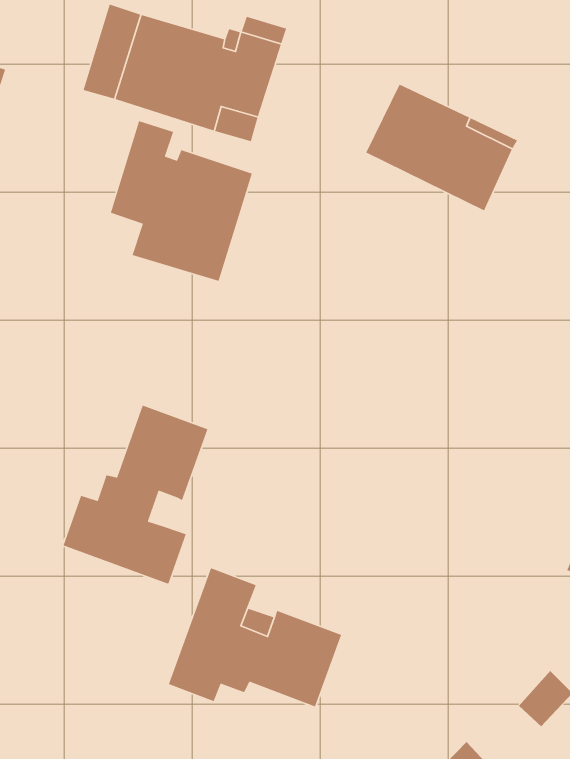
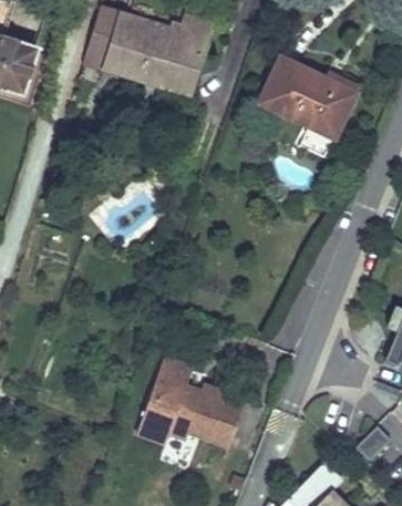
building: [110,120,253,282] -> none
building: [63,405,208,585] -> none

